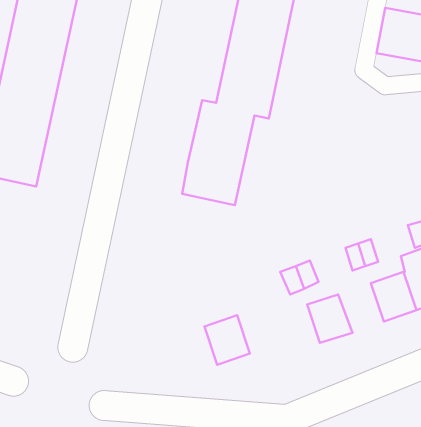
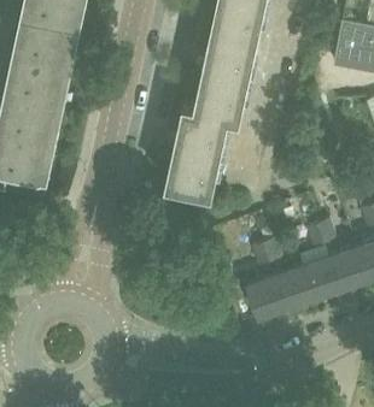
building: none -> [299,261,338,303]
building: [205,315,250,365] -> [245,279,284,322]

